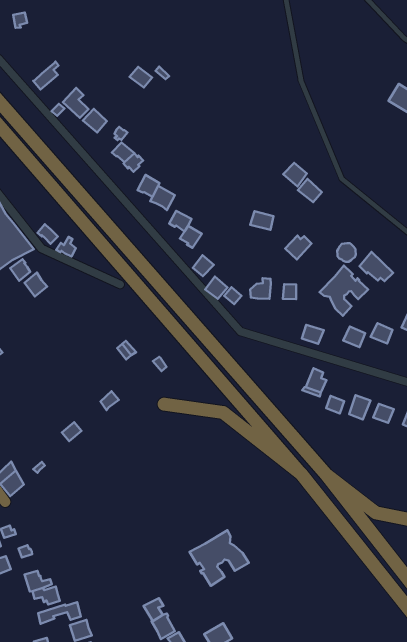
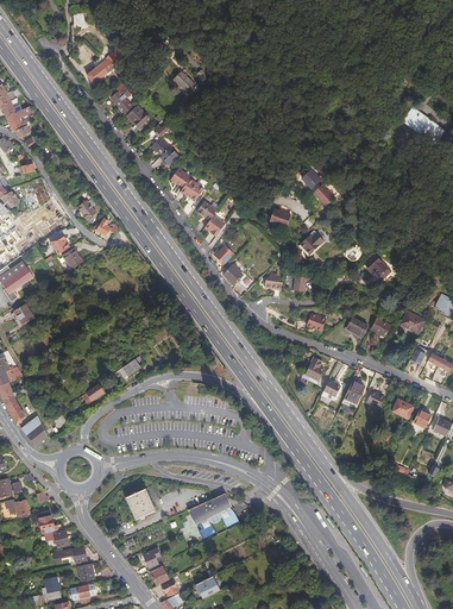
building: [320,266,368,316] -> none
building: none -> [127,488,158,520]

